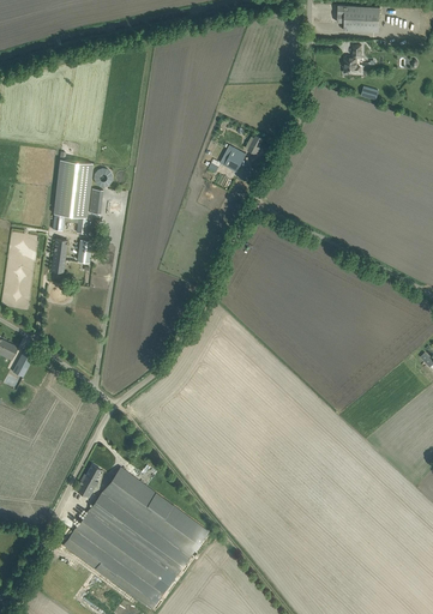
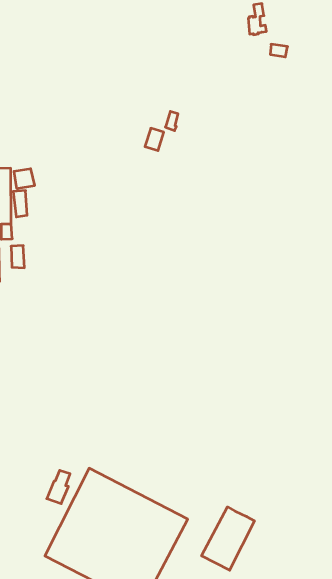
building: none -> [202,507,254,570]

